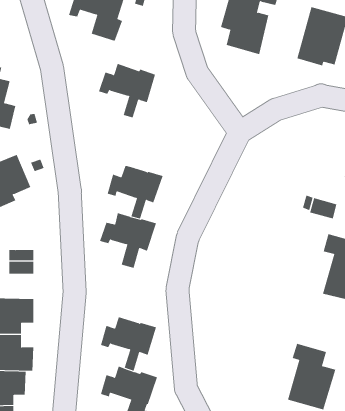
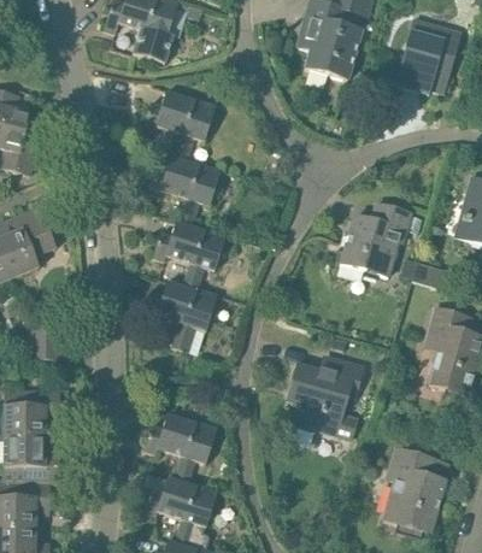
building: none -> [147,155,221,224]
building: none -> [341,202,411,277]
building: none -> [290,355,365,439]

